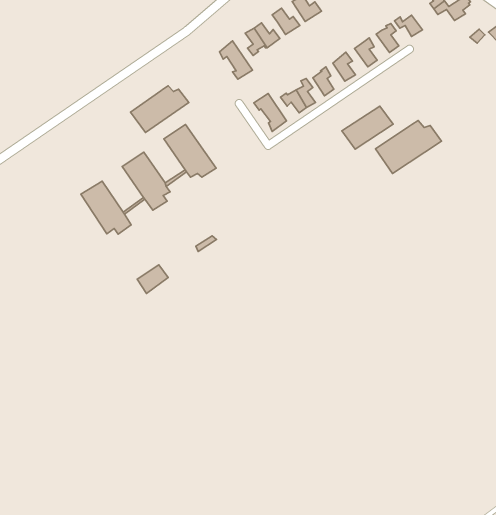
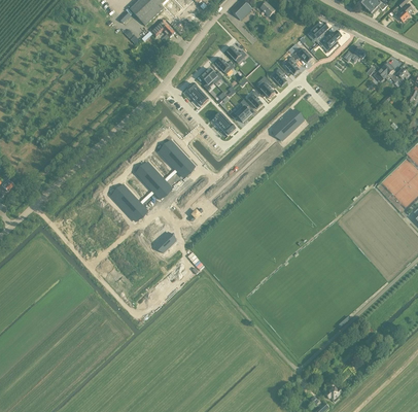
building: [131,86,189,133] -> none
building: [376,120,442,174] -> none

